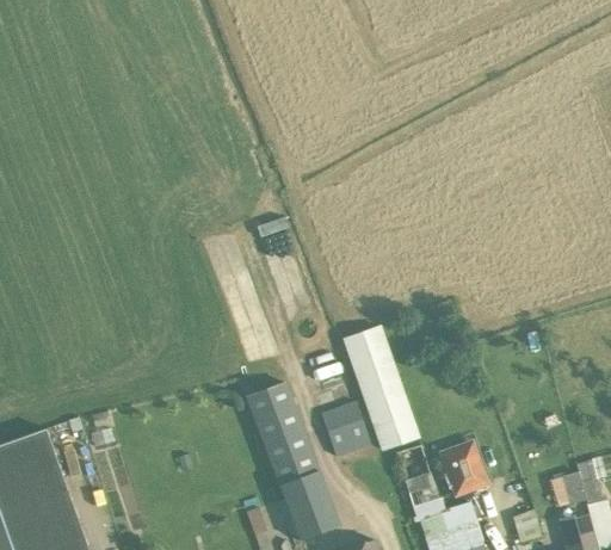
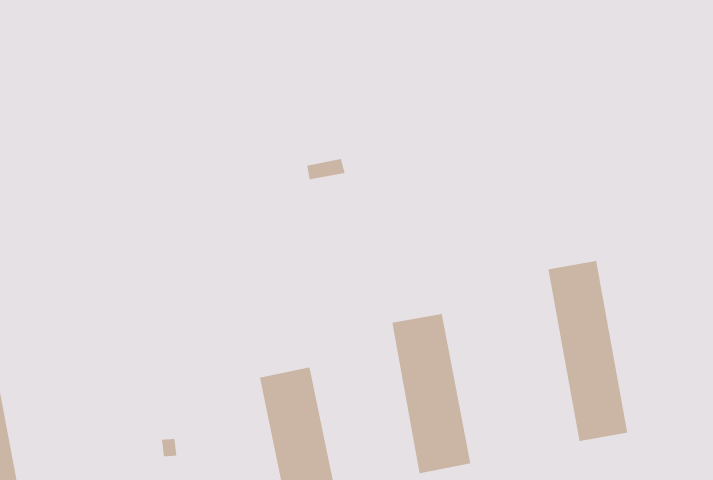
building: none -> [548,260,628,442]
building: [322,403,371,457] -> none

